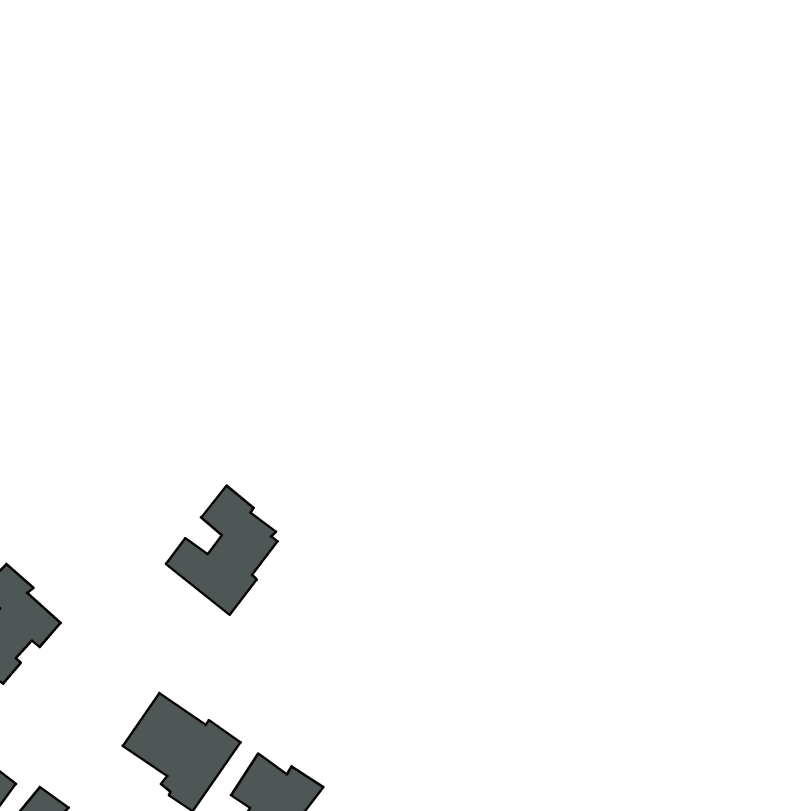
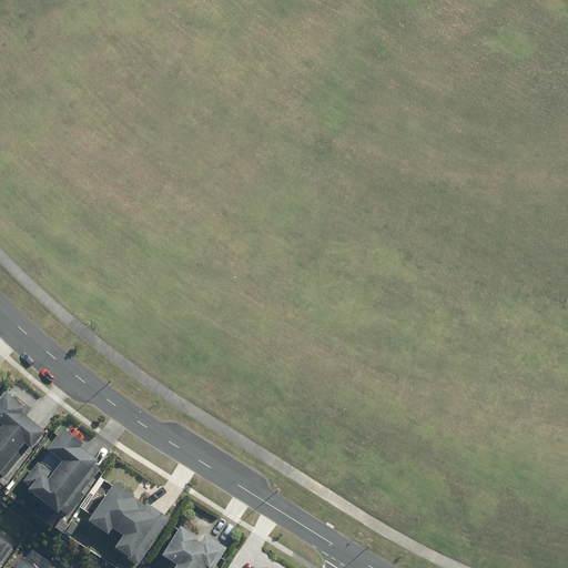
building: [166,486,278,615] -> [20,430,98,520]

